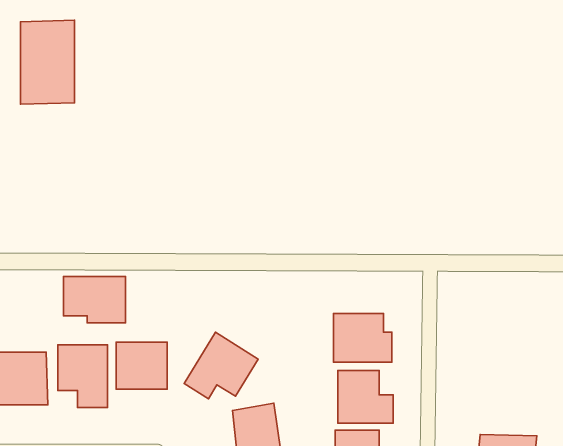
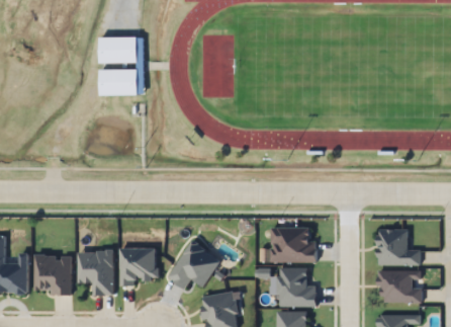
building: [21,20,75,104] -> [101,36,140,96]
building: [63,277,125,323] -> none
building: none -> [378,230,421,265]
building: none -> [378,270,423,302]

